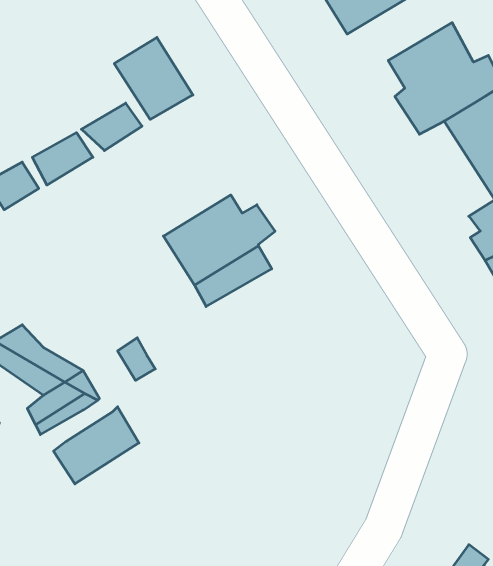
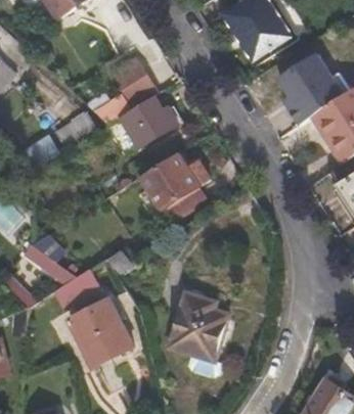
building: none -> [121,101,174,151]
building: none -> [163,286,224,370]
building: none -> [83,313,136,362]

